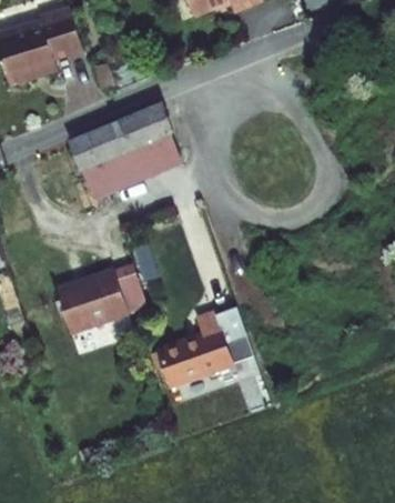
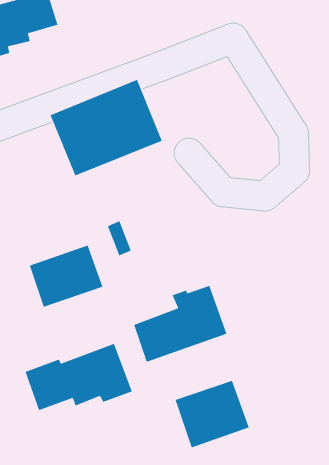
building: none -> [24,343,133,411]
building: none -> [175,380,250,448]

